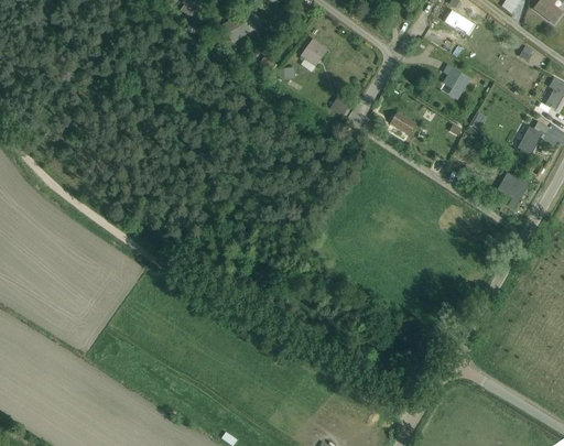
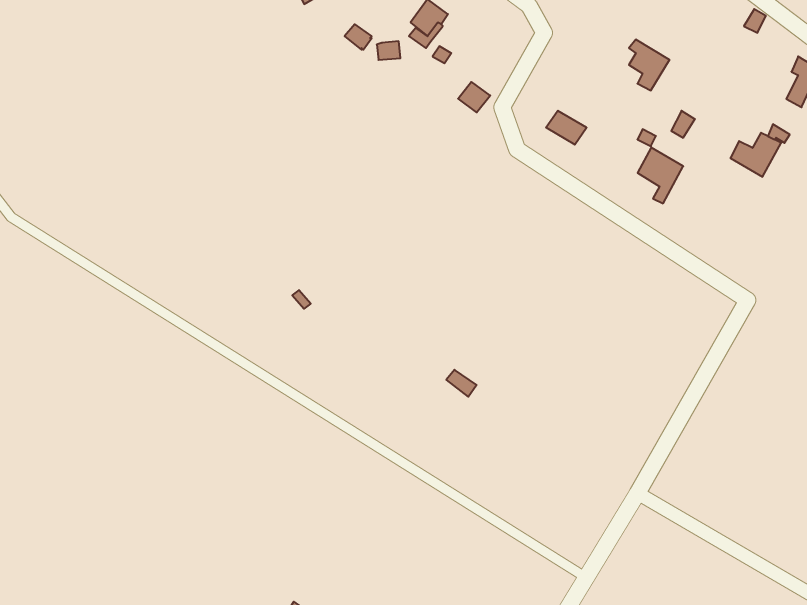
building: [498,172,528,208] -> [638,148,683,203]

